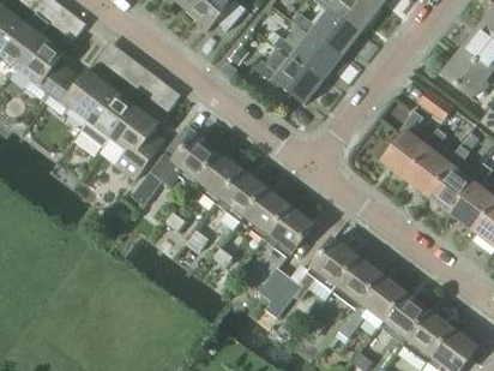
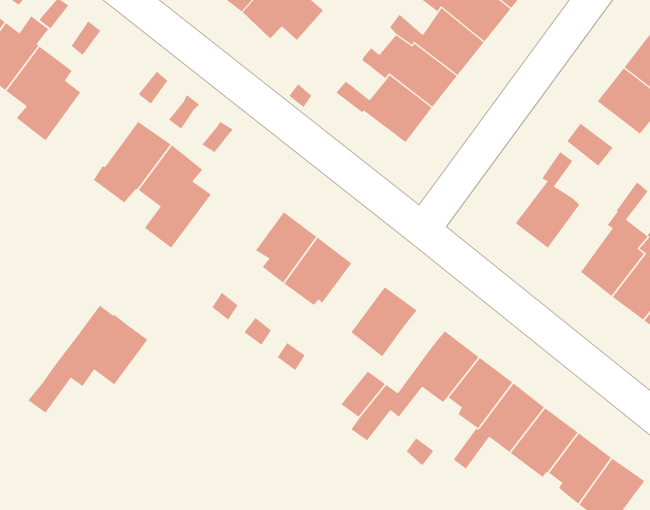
building: [47,67,113,120] -> none
building: [406,126,456,196] -> none
building: [131,127,217,205] -> [28,305,148,414]
building: [245,190,289,239] -> none

